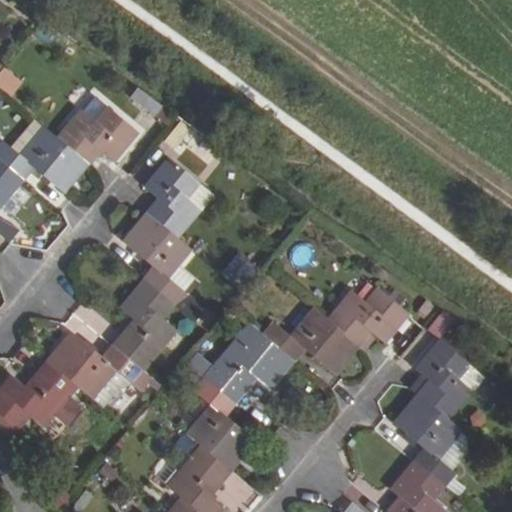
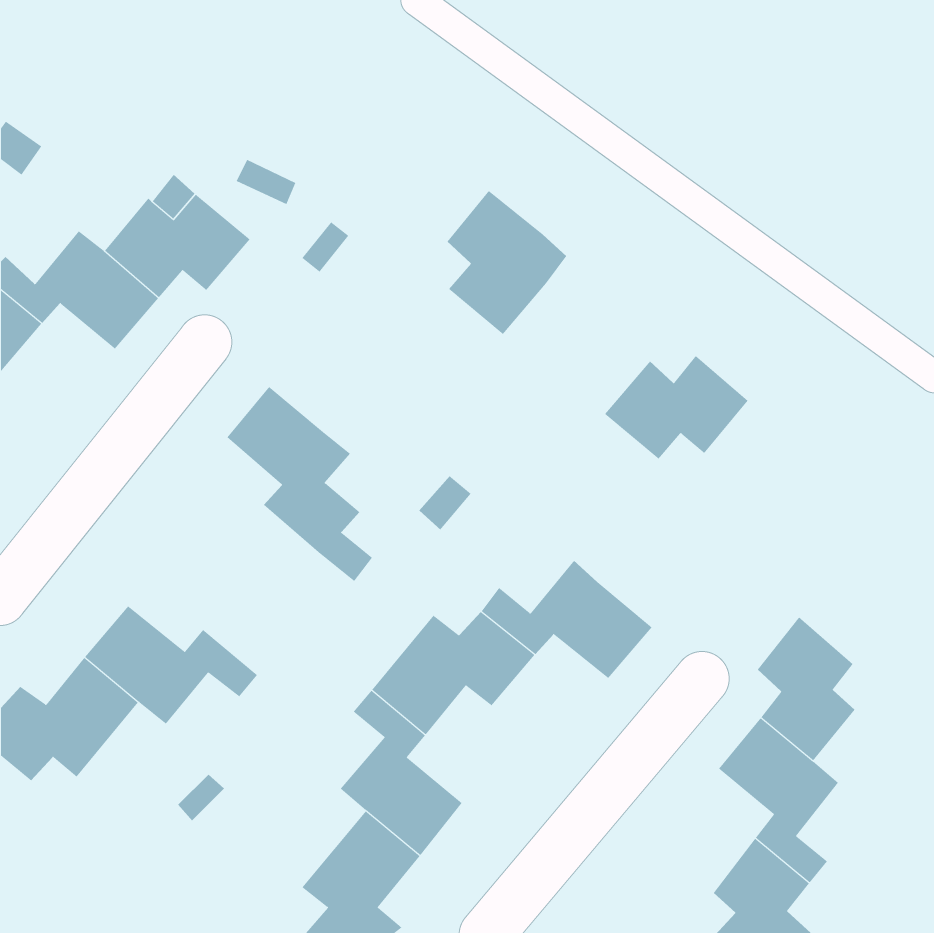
building: [146,158,212,237] -> [446,190,567,335]
building: [111,277,176,370] -> none
building: [327,287,406,344] -> [604,355,749,459]

